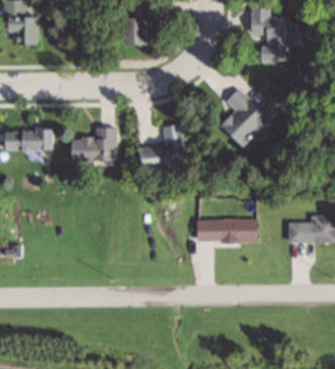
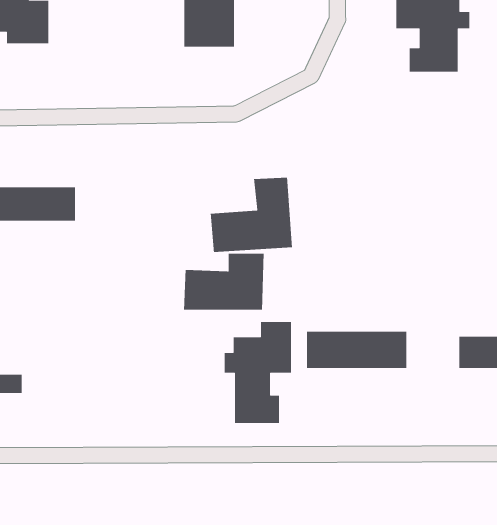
building: [218,87,267,147] -> none
building: [68,127,117,163] -> [183,253,264,311]
building: none -> [224,321,292,424]

